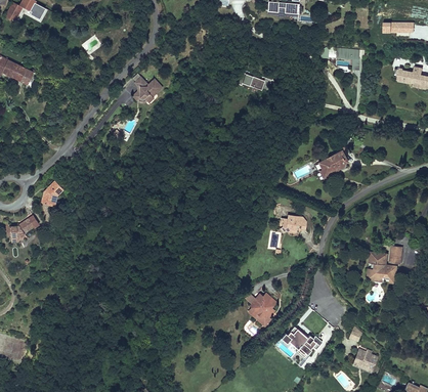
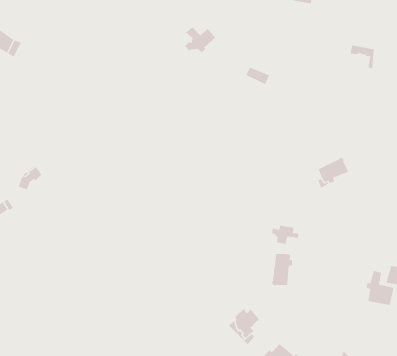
building: [133,76,162,100] -> [184,27,216,54]
building: none -> [271,253,293,287]

